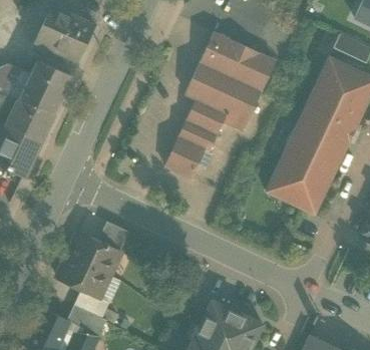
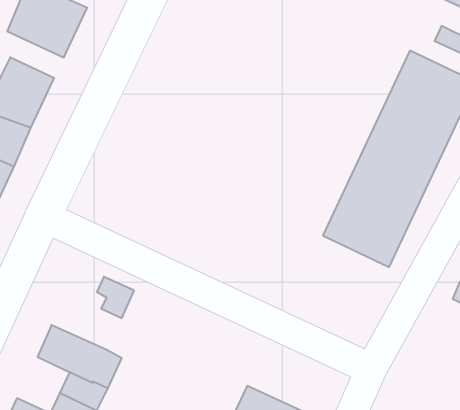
building: [164,31,275,178] -> none
building: [68,233,119,274] -> none

